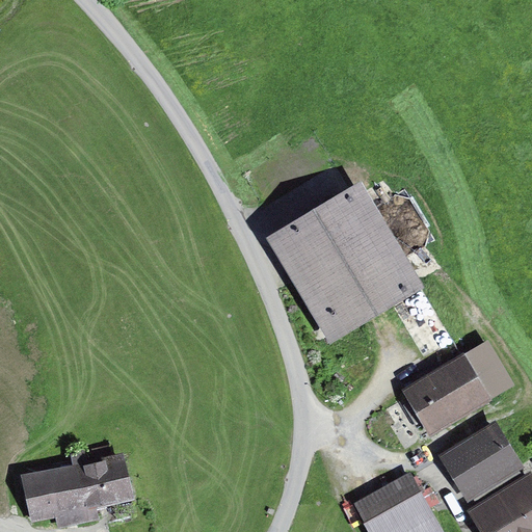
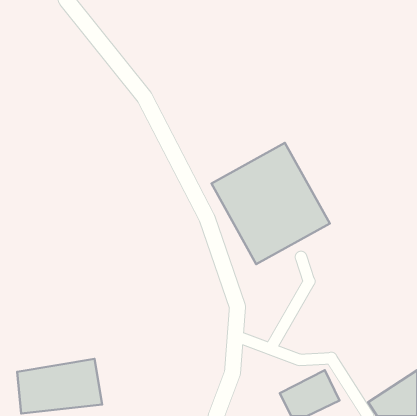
building: [401,342,512,436] -> none
building: [445,425,522,499] -> none

